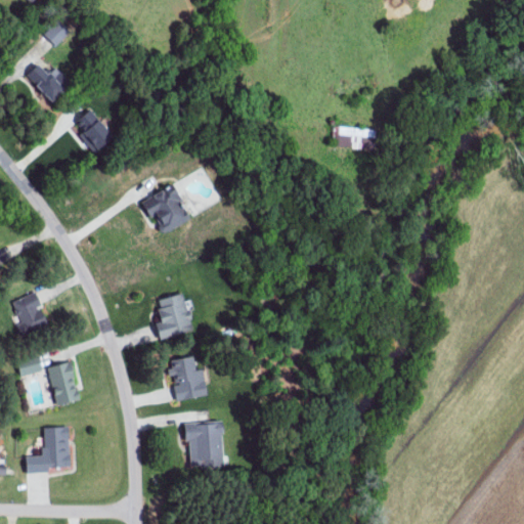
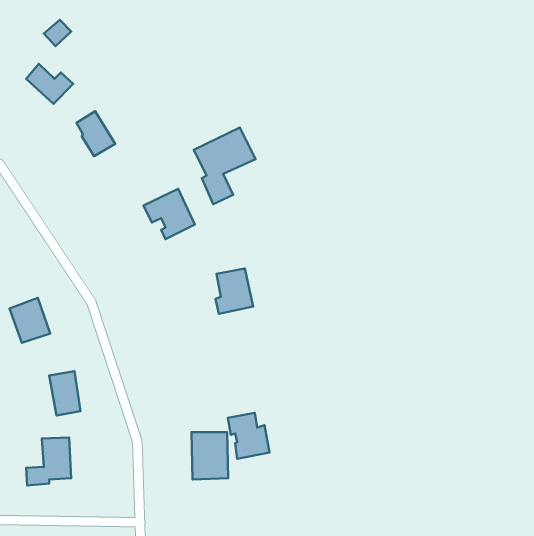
building: none -> [194,128,256,204]
building: [333,127,374,148] -> none
building: [156,294,192,338] -> [216,269,253,314]
building: [167,356,208,401] -> [228,413,270,459]

